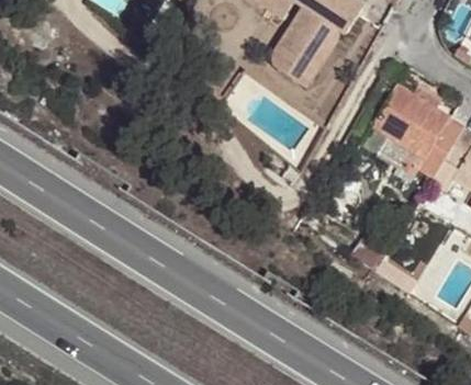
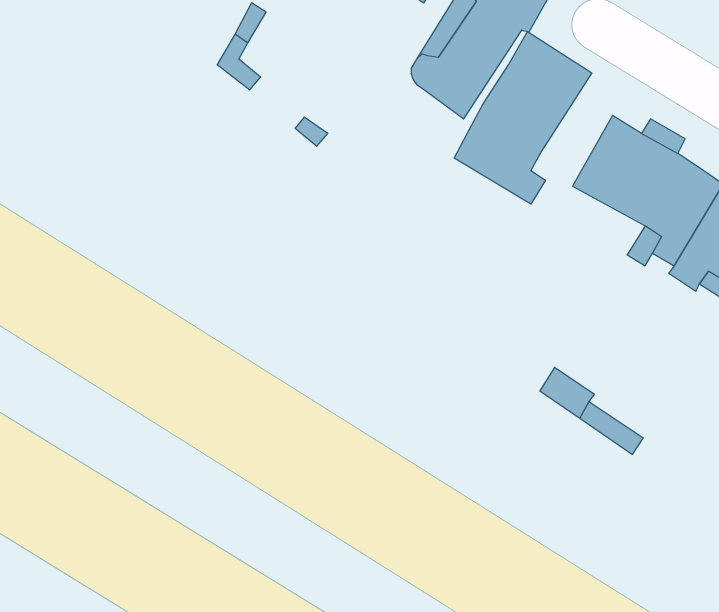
building: none -> [454,32,592,204]

